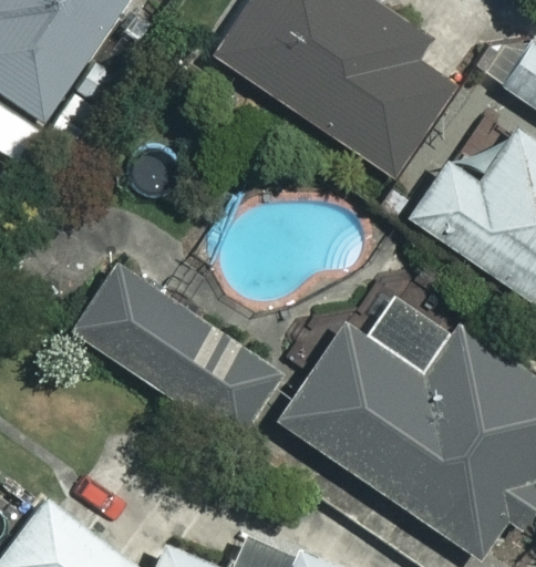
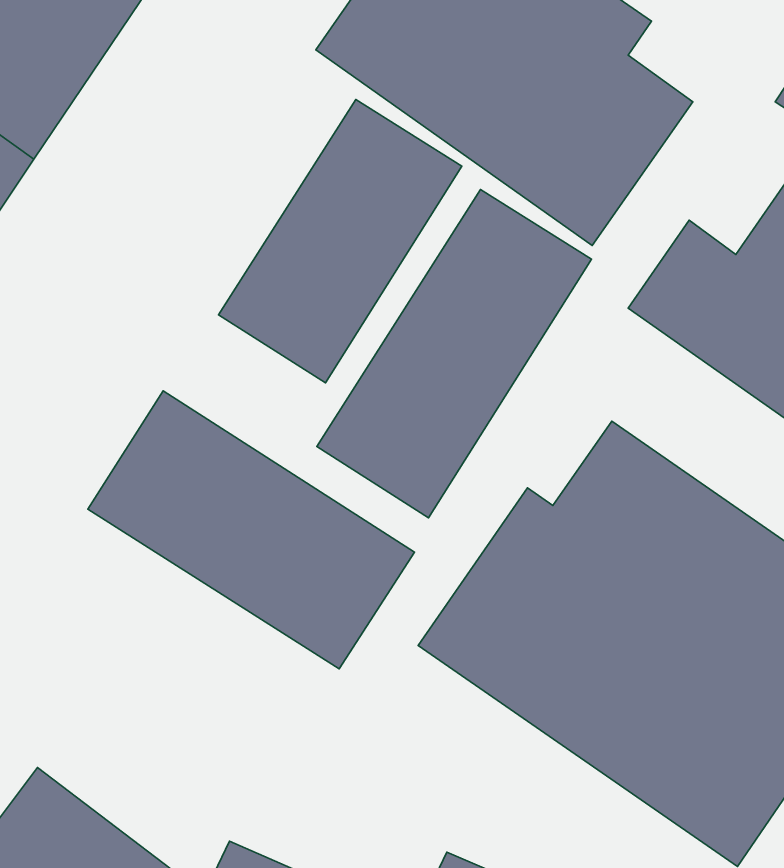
building: none -> [218,99,462,383]
building: none -> [317,190,592,518]

